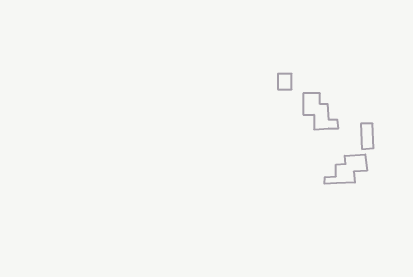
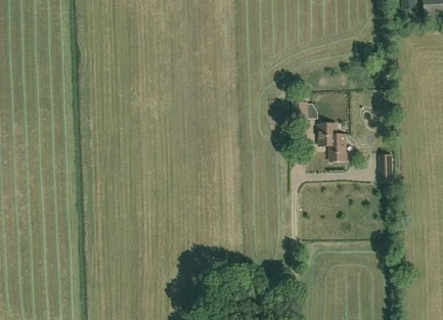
building: [324,154,367,184] -> none

